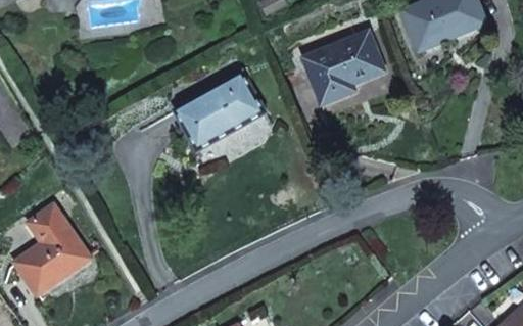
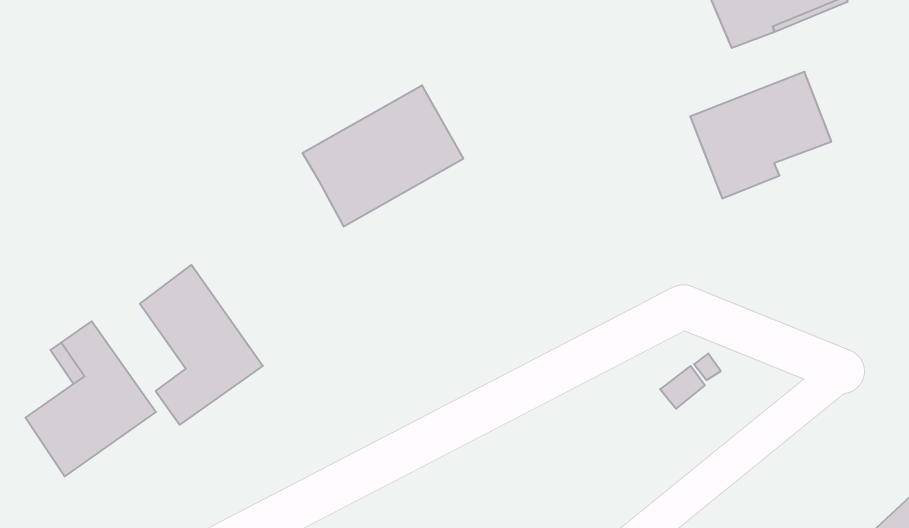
building: [303,31,384,103] -> [690,72,831,199]
building: none -> [140,265,263,425]

